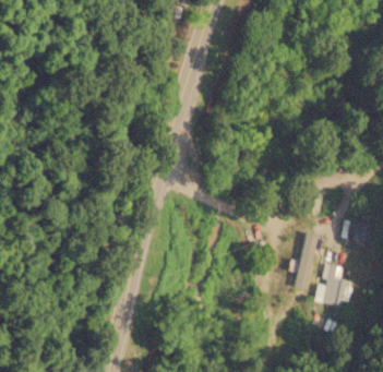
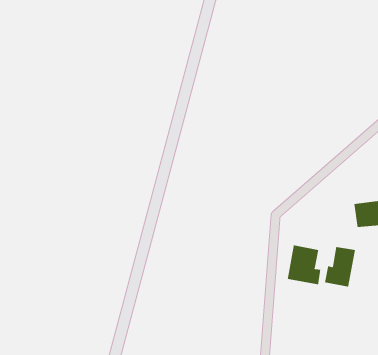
building: none -> [287,245,321,285]

